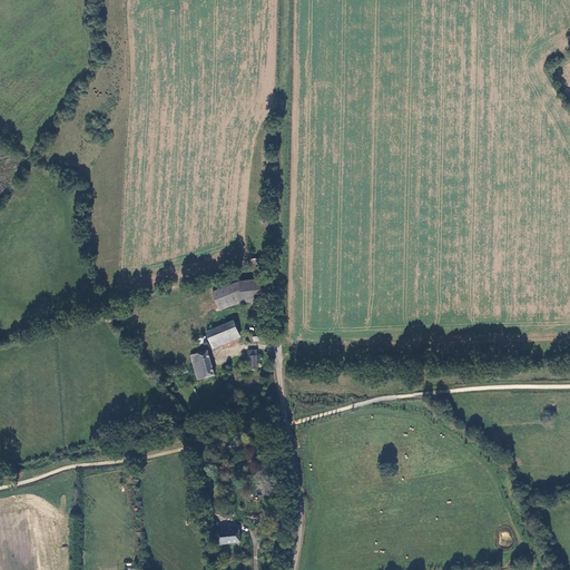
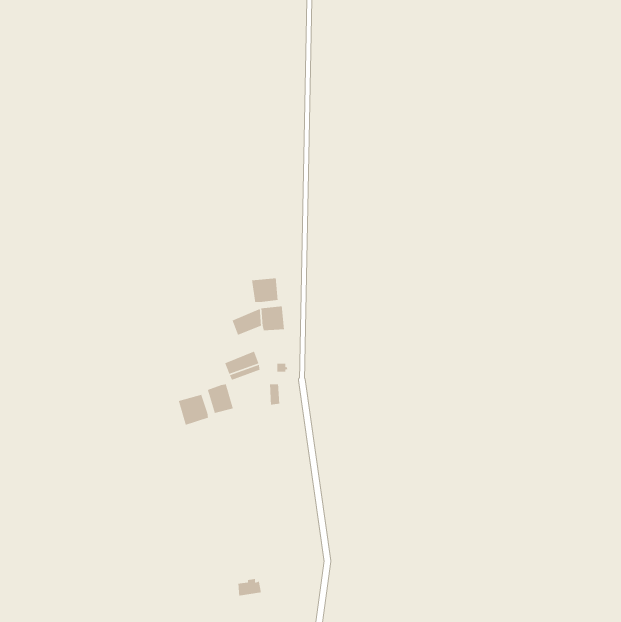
building: none -> [251,277,279,303]
building: none -> [178,394,209,426]

